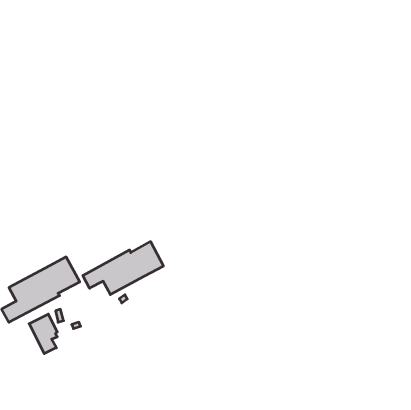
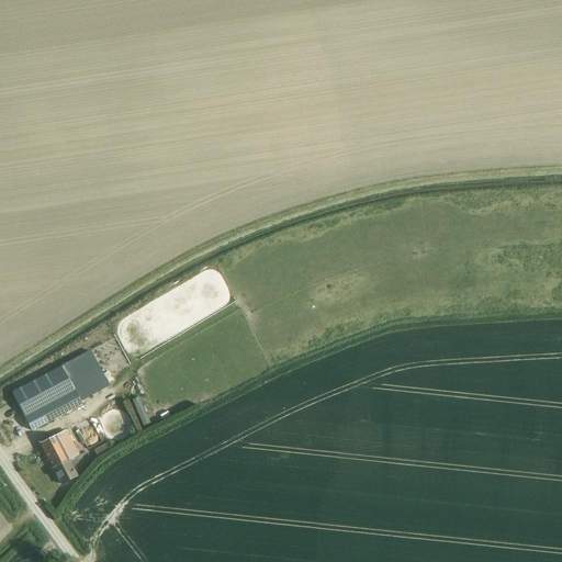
building: [83,242,163,295] -> none

